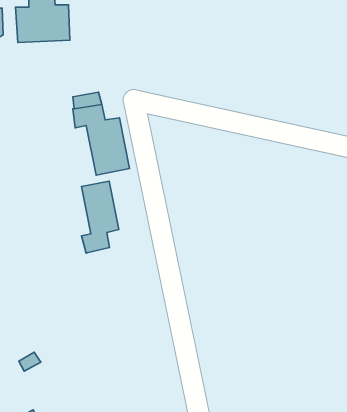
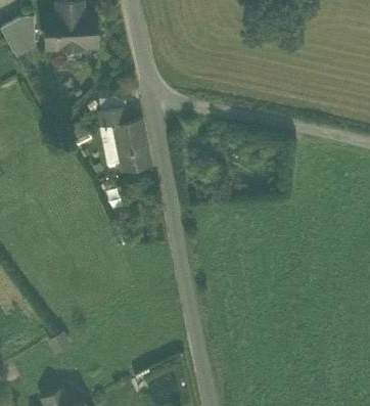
building: [82,181,119,253] -> none

